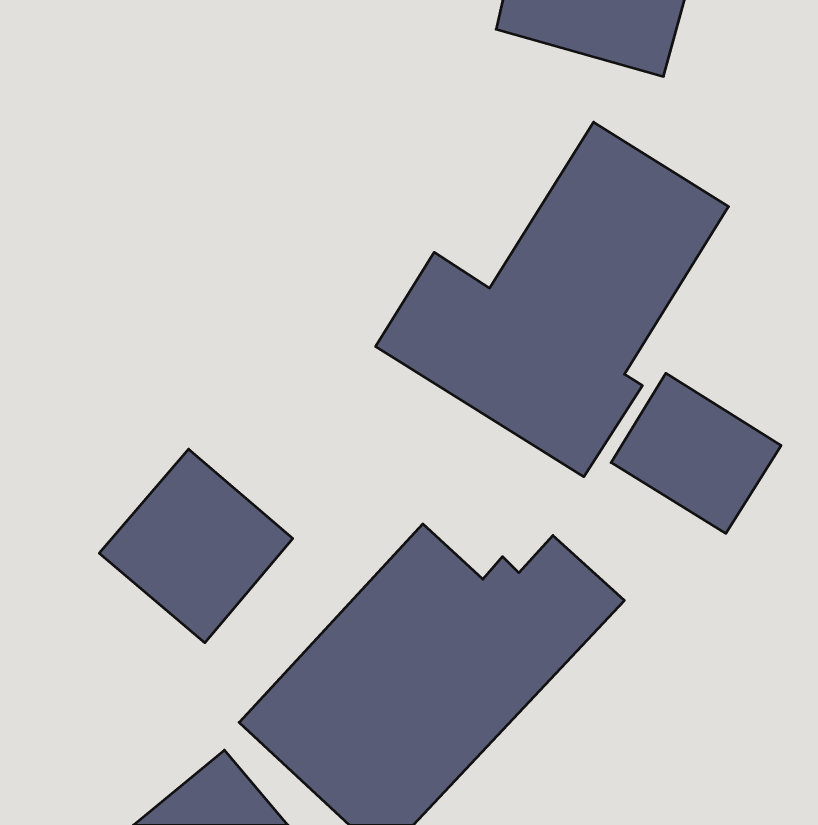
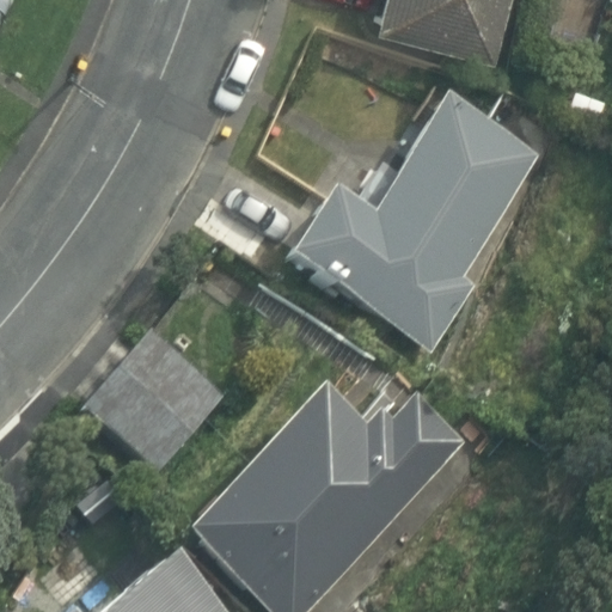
building: [611,373,781,533] -> none

